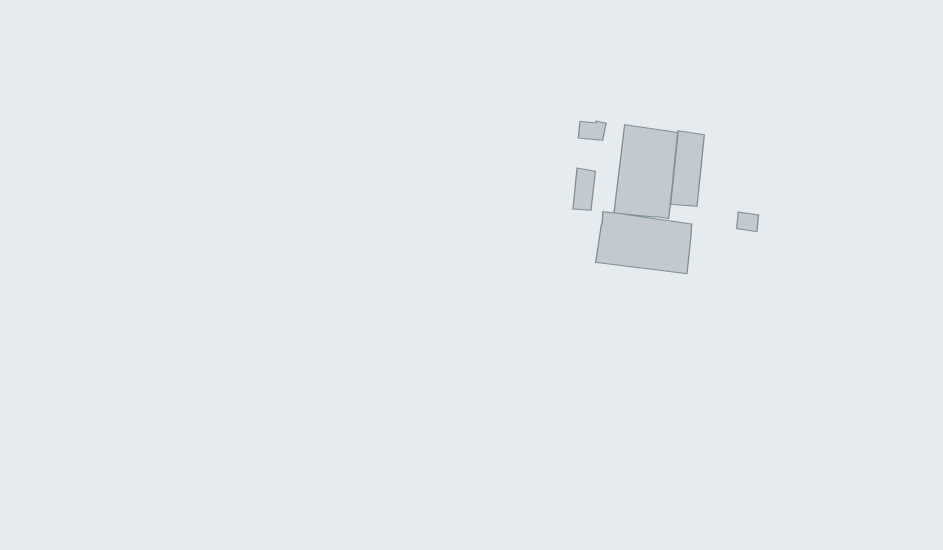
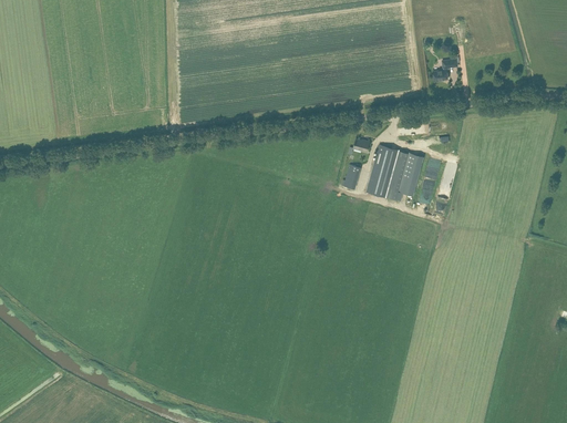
building: [596,212,692,274] -> none

